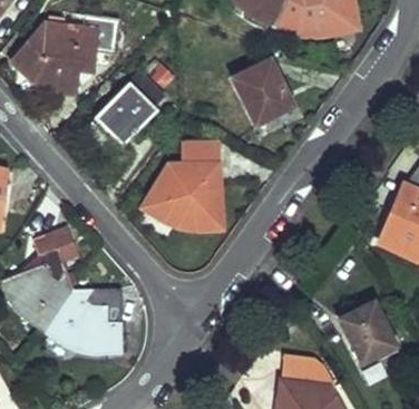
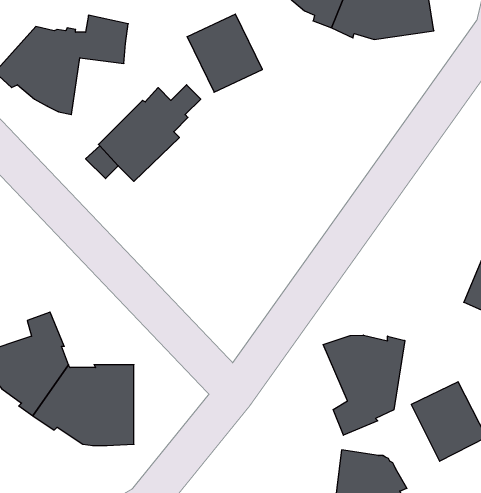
building: [234,62,293,124] -> [187,14,262,92]
building: [143,143,218,230] -> none
building: none -> [323,335,405,435]

